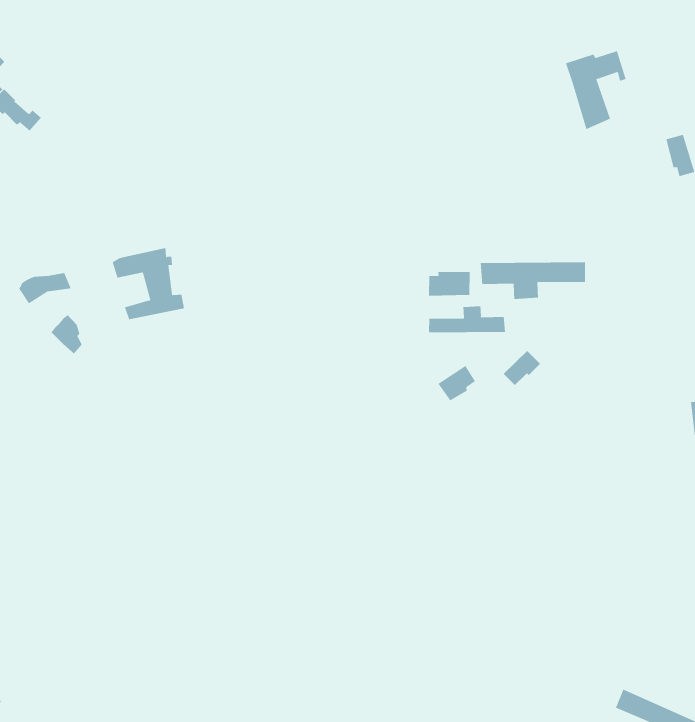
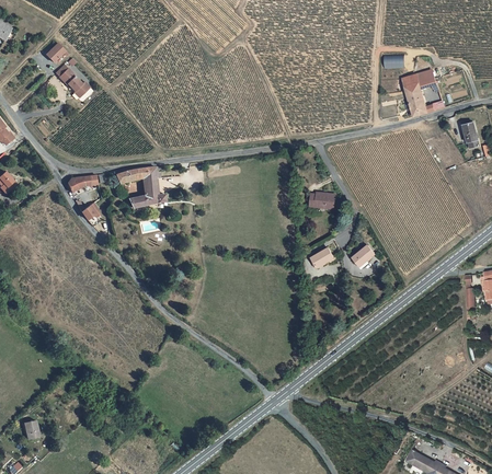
building: [480,261,586,300] -> none
building: [429,305,505,333] -> none

